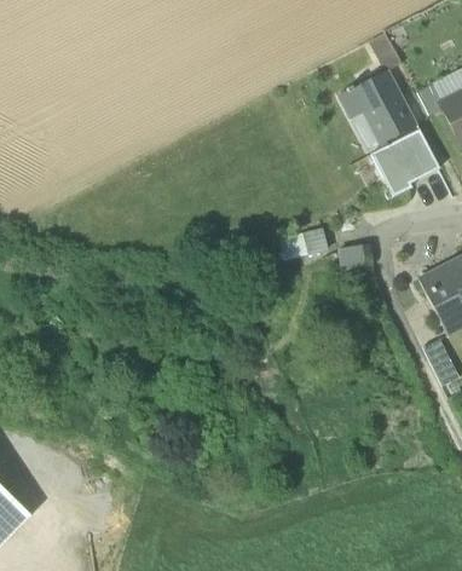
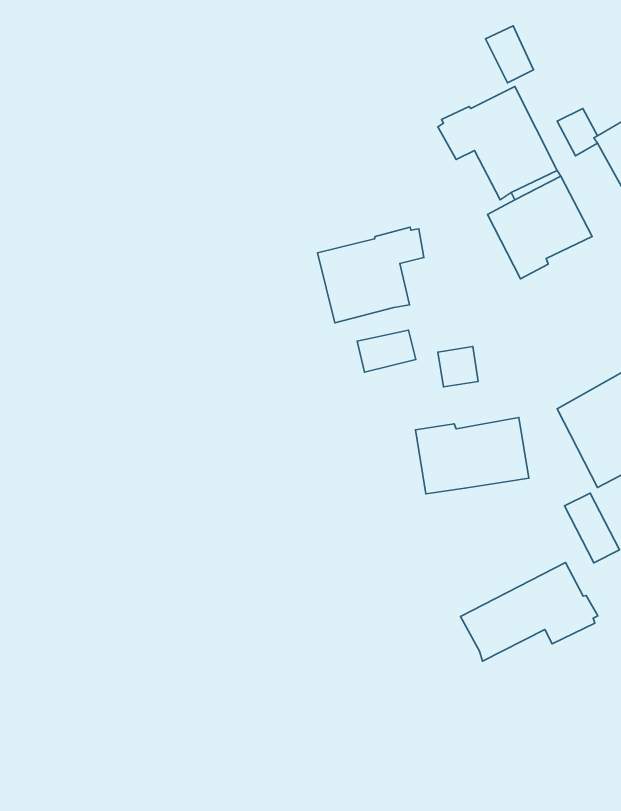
building: none -> [317,227,424,323]
building: none -> [415,417,529,494]
building: none -> [461,562,598,661]

